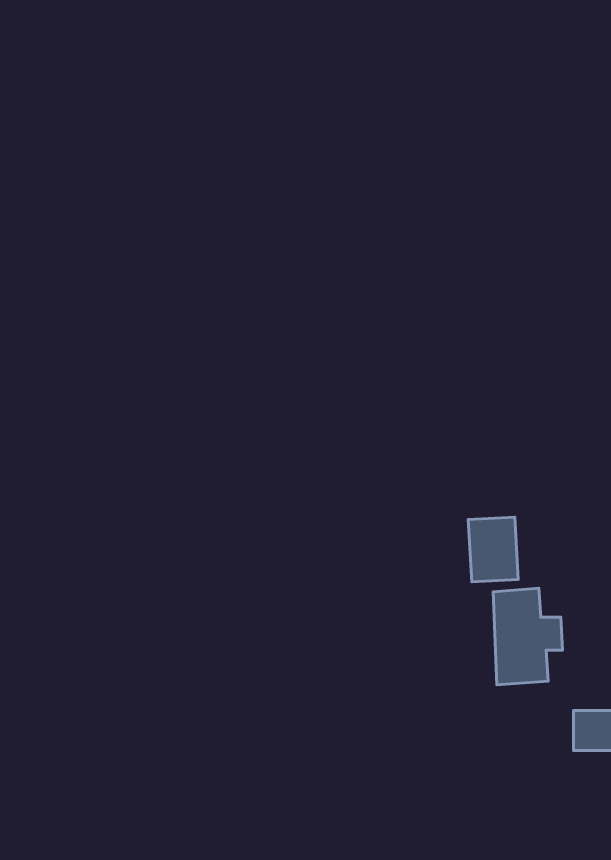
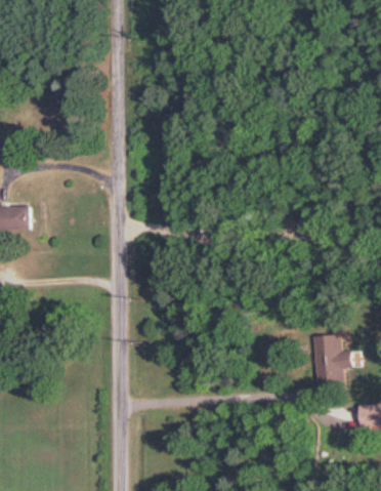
building: [468,517,518,582] -> none

